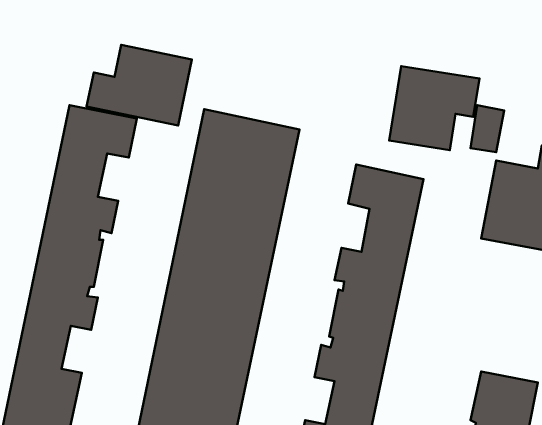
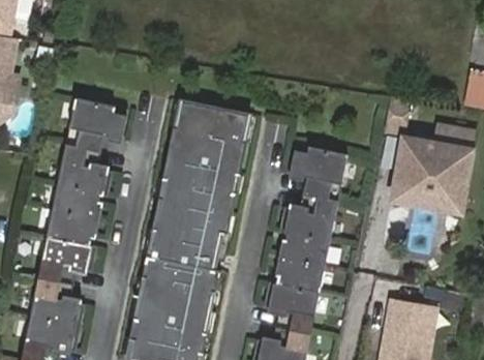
building: [87,45,192,126] -> none
building: [389,66,479,150] -> none

